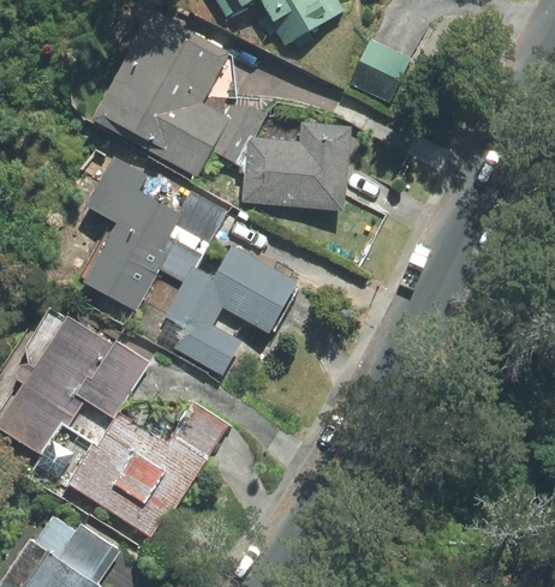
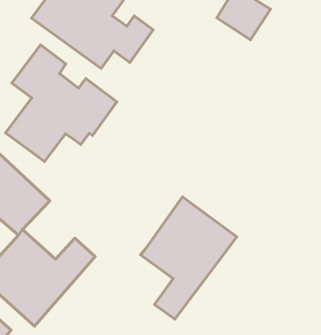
building: [244,121,351,211] -> none
building: [165,244,296,373] -> none
building: none -> [140,197,237,319]

